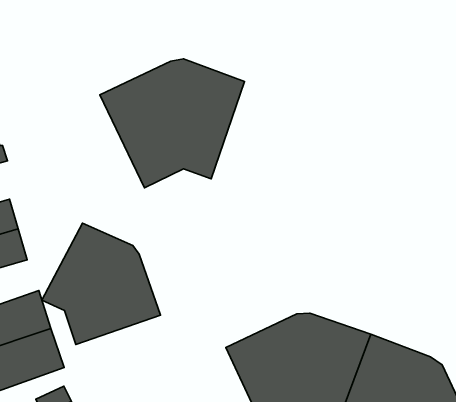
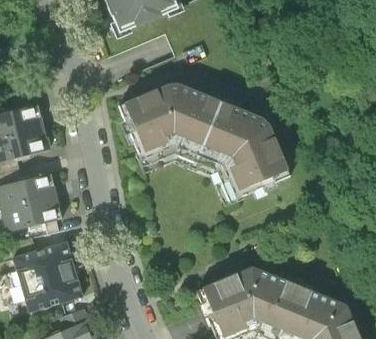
building: none -> [192,101,290,206]
building: [42,223,161,344] -> none

